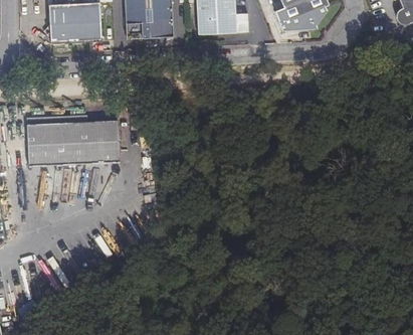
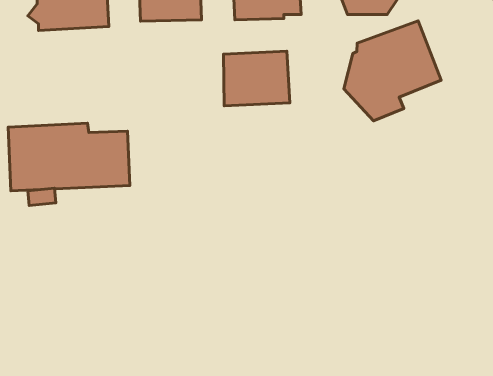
building: none -> [344,21,441,121]
building: none -> [223,51,290,106]

